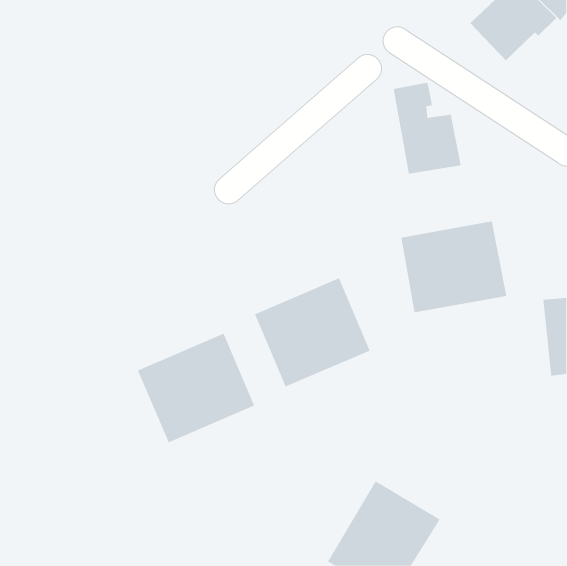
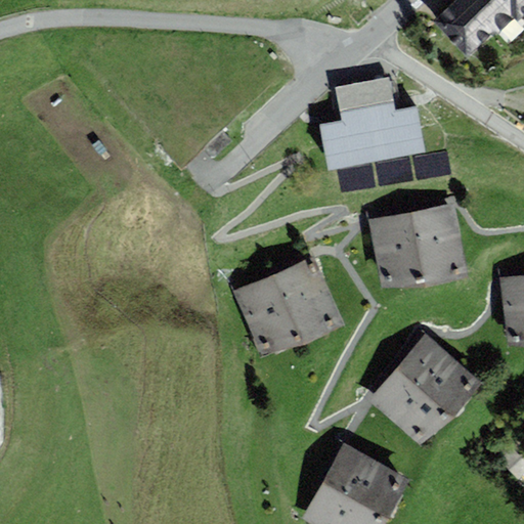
building: none -> [320,82,377,169]
building: [137,333,255,443] -> none
building: none -> [369,336,478,445]

